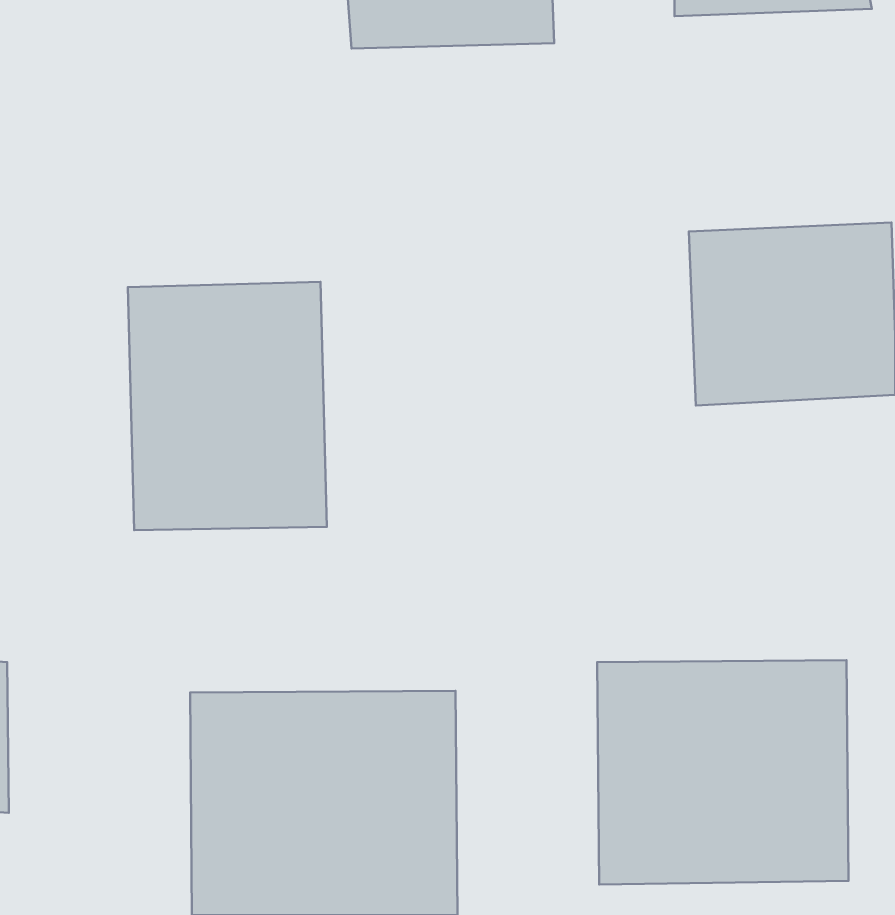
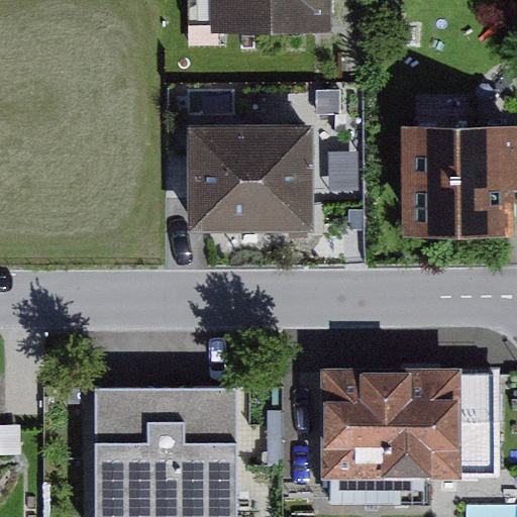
building: none -> [183,128,300,227]
building: [128,282,327,530] -> none

